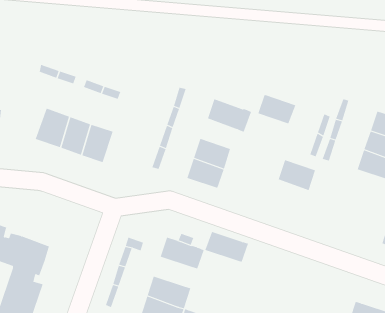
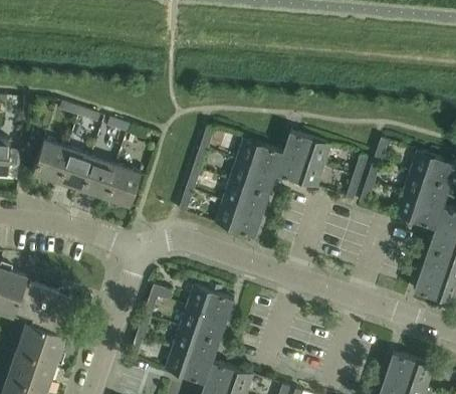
building: none -> [29,142,65,183]
building: none -> [228,161,268,193]
building: [278,160,316,191] -> [282,156,322,189]
building: [204,231,249,262] -> [179,308,226,341]

